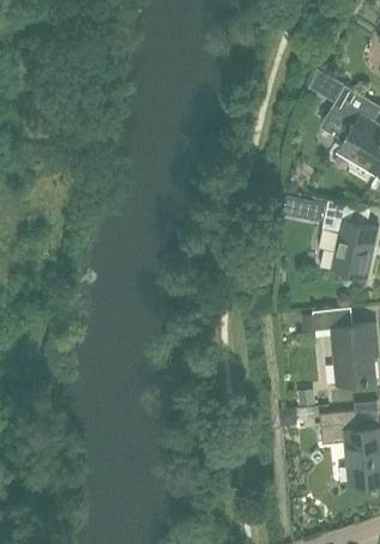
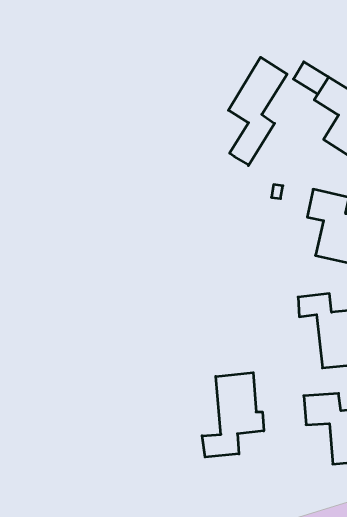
building: none -> [228,57,287,166]
building: none -> [202,373,264,457]

